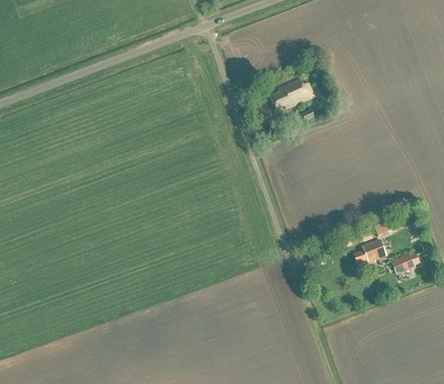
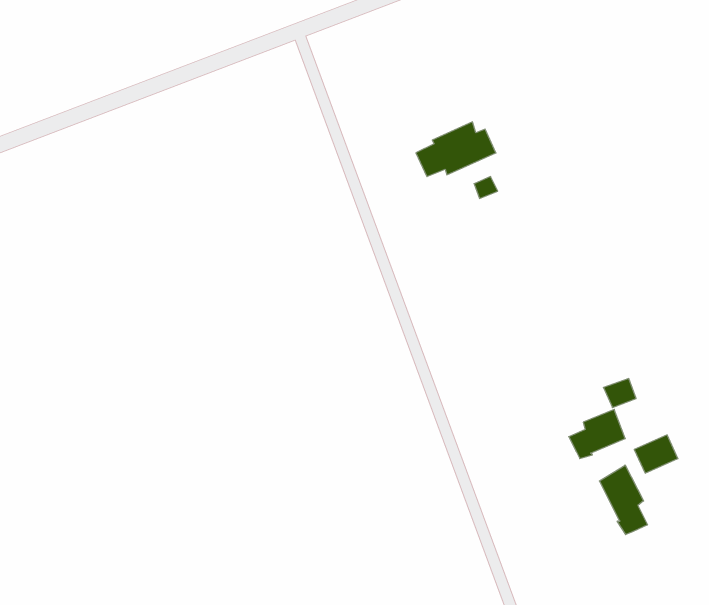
building: none -> [599,465,647,535]

